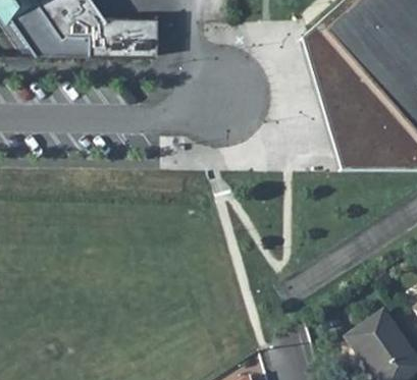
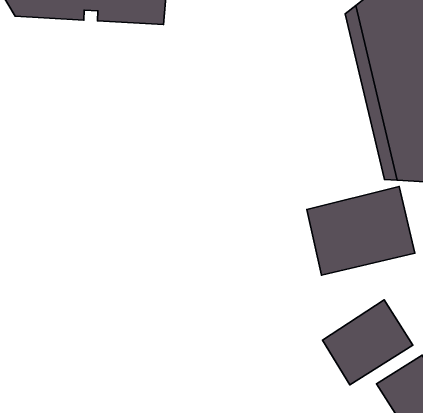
building: none -> [307,187,415,275]
building: none -> [322,300,413,385]

